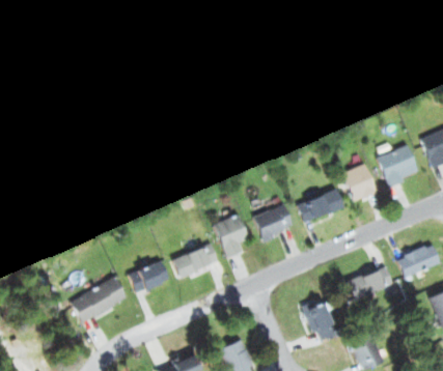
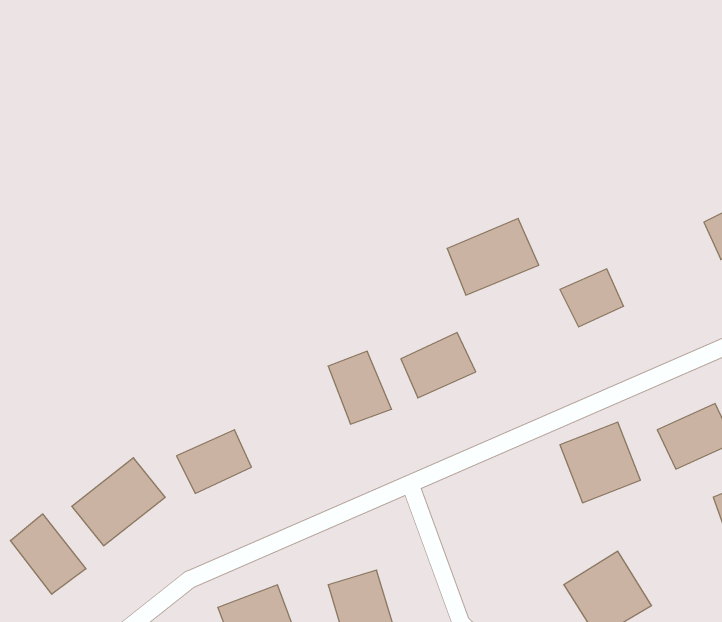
building: [380,152,421,189] -> none
building: [294,183,344,226] -> [447,218,539,295]
building: [169,235,220,278] -> none
building: [299,290,343,342] -> none
building: none -> [10,514,86,594]

